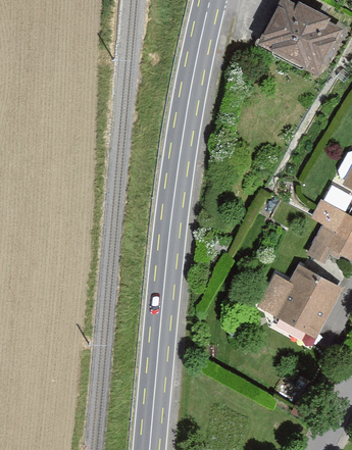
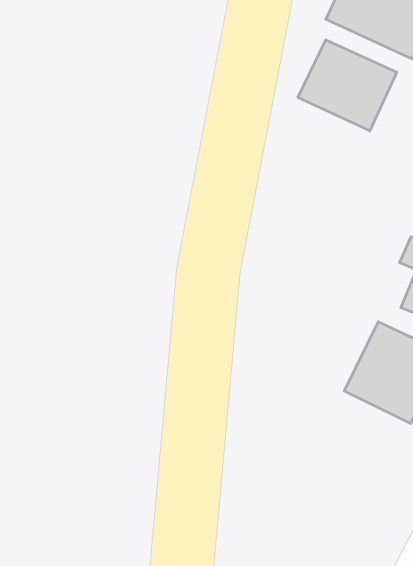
building: none -> [298,40,397,131]

